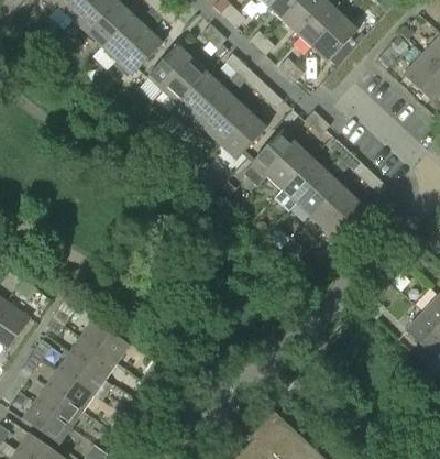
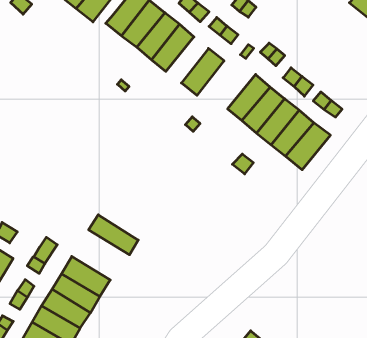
building: [205,98,251,145] -> none
building: [243,128,298,186] -> none
building: none -> [89,215,138,255]

